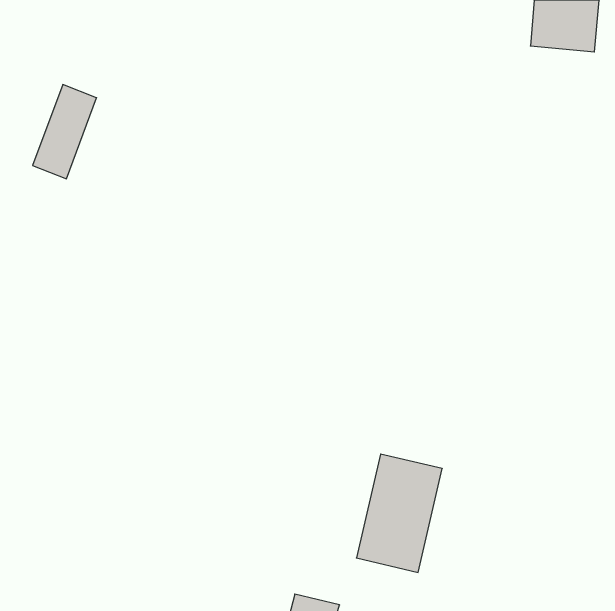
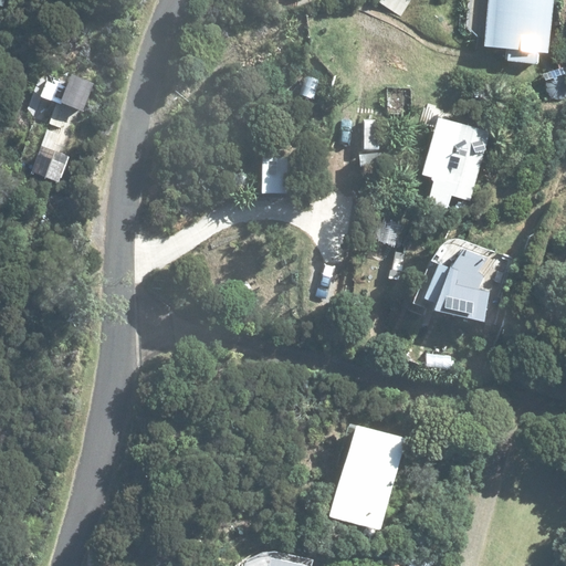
building: none -> [422,122,485,205]
building: none -> [430,255,490,314]

